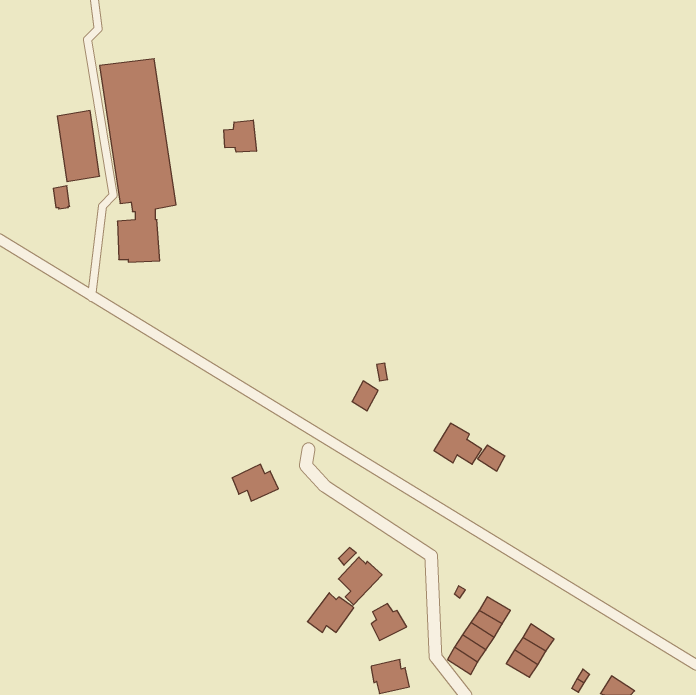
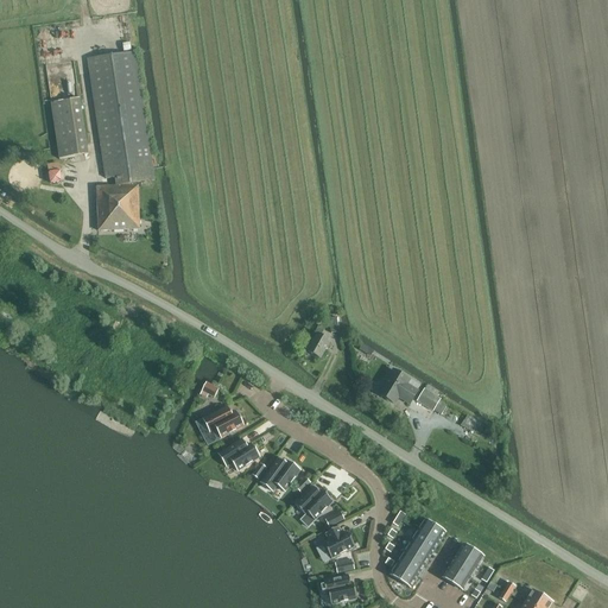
building: [224,120,256,152] -> none
building: none -> [217,437,259,470]
building: [307,593,354,632] -> [259,456,299,490]

